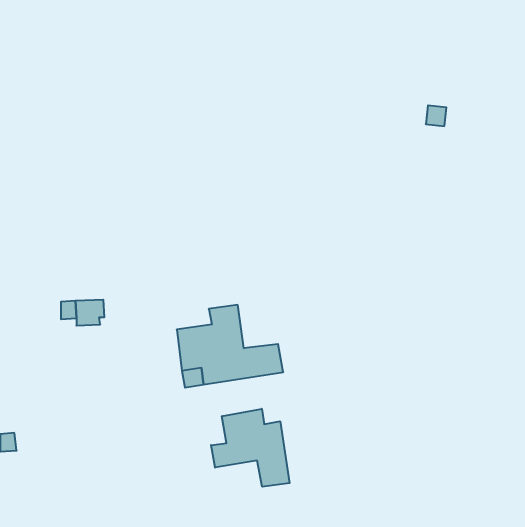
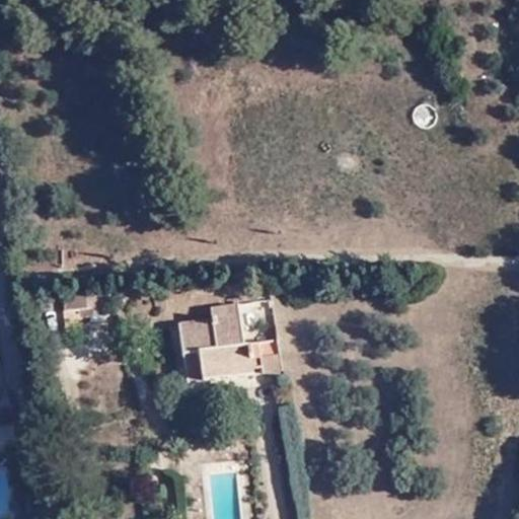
building: [211,409,290,487] -> none

